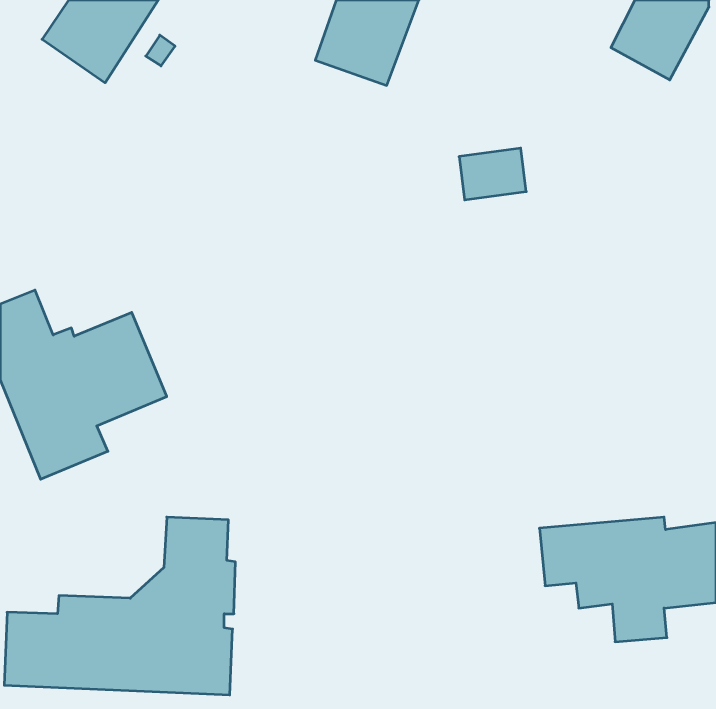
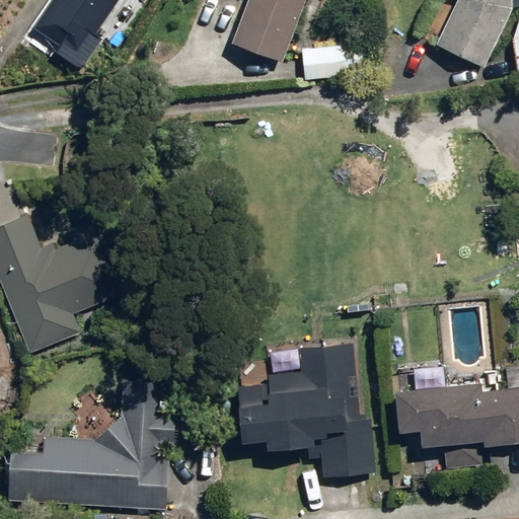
building: [459,148,526,200] -> [300,49,349,86]
building: none -> [234,343,374,476]

